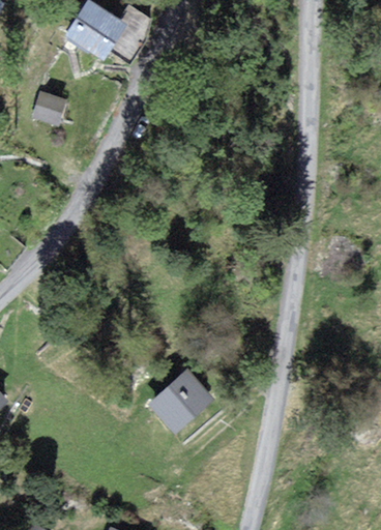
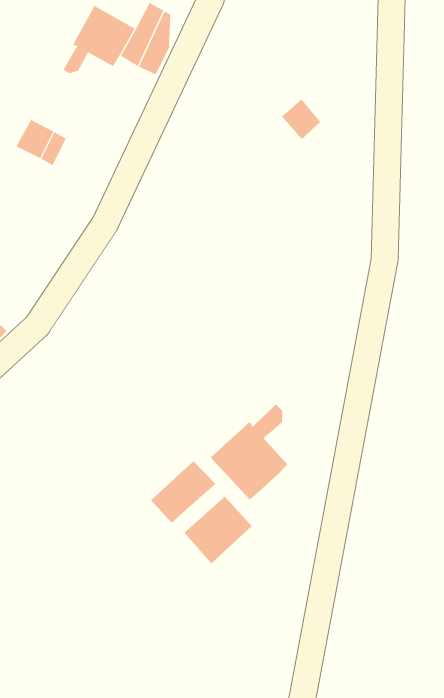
building: none -> [210,403,288,500]
building: none -> [150,460,216,524]

